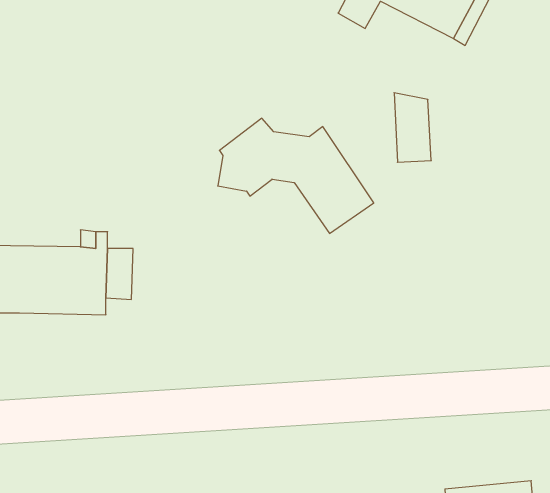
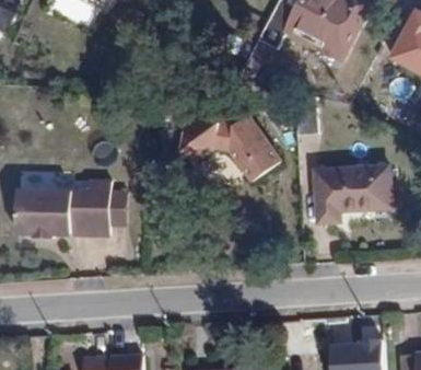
building: none -> [315,165,390,223]

